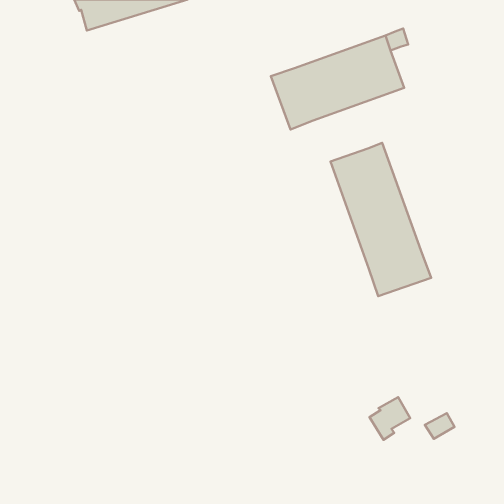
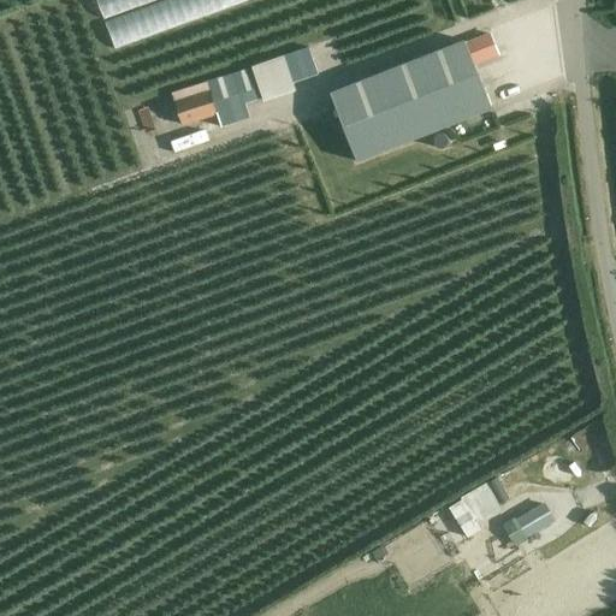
building: none -> [171,47,313,126]
building: [330,143,431,296] -> none

